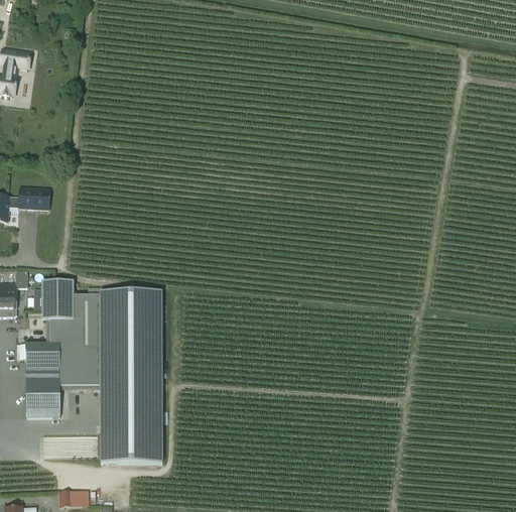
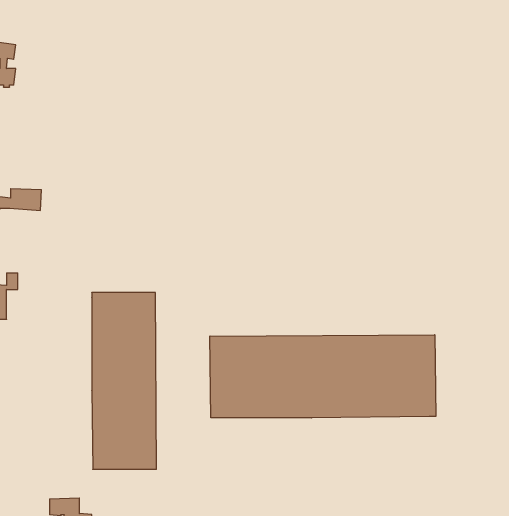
building: [16,279,99,417] -> none
building: none -> [210,335,436,418]

